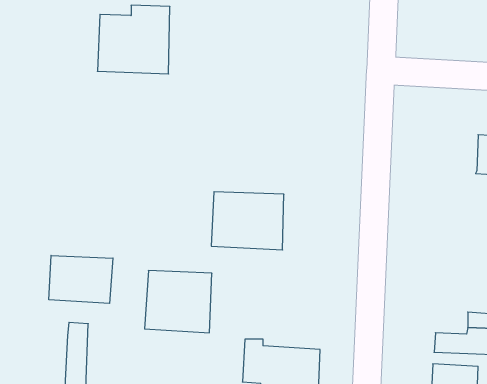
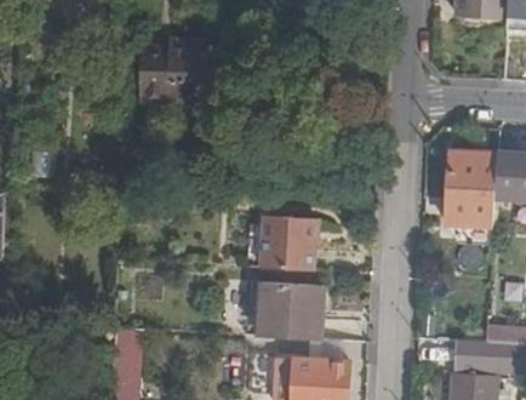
building: none -> [445,150,496,228]
building: [49,255,113,303] -> none
building: [145,271,212,333] -> [257,281,320,339]

